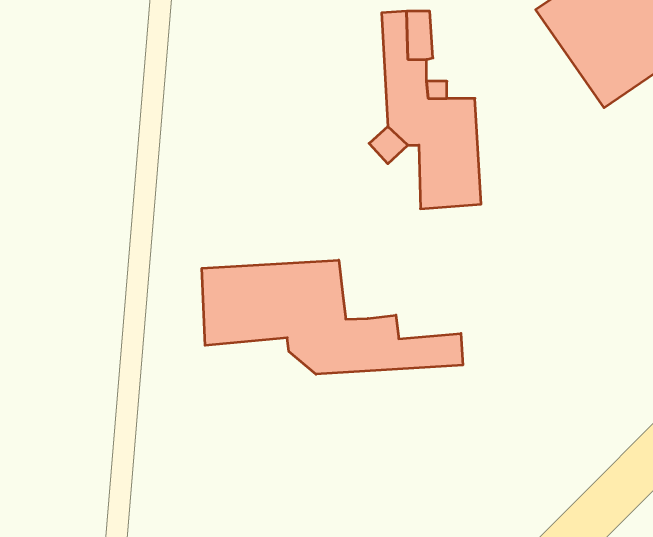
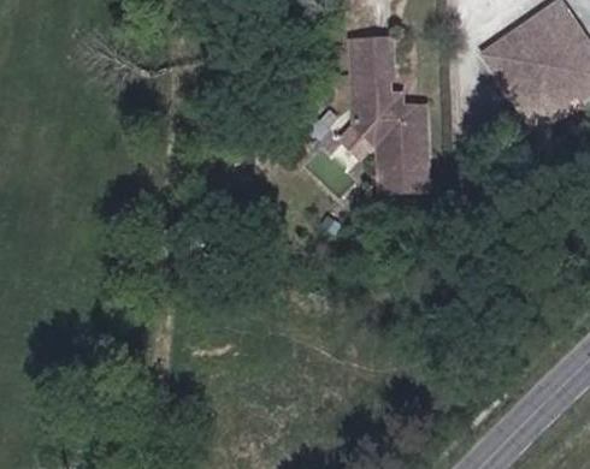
building: [202,260,463,374] -> none

